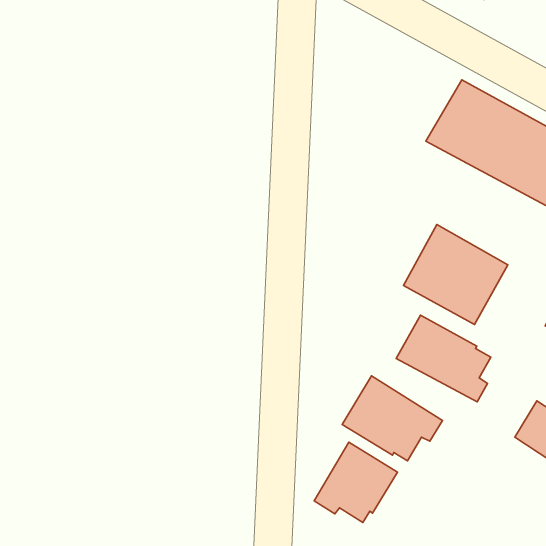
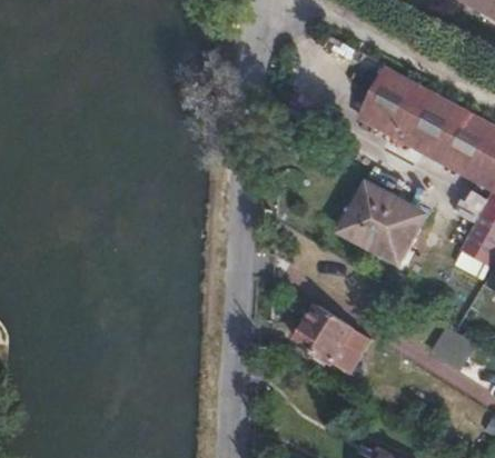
building: [396,315,491,402] -> none
building: [314,442,397,522] -> none

